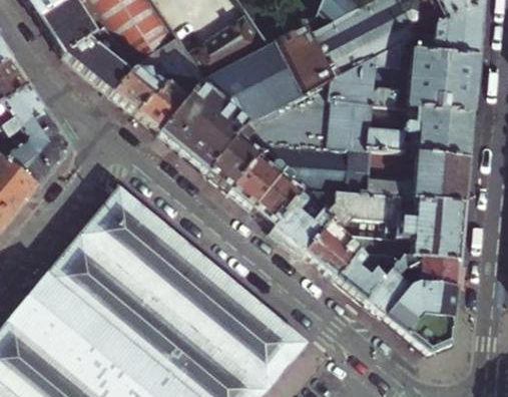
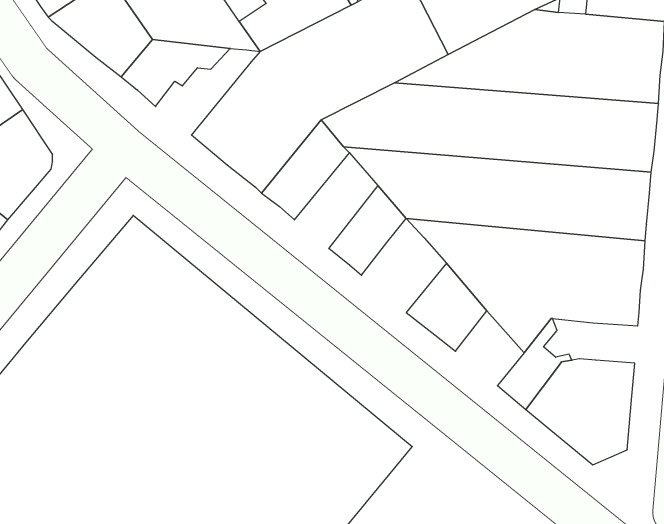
building: [135,73,199,131] -> none
building: [228,143,285,208] -> none
building: [274,201,331,251] -> none
building: [337,250,383,300] -> none
building: [402,255,459,285] -> none

